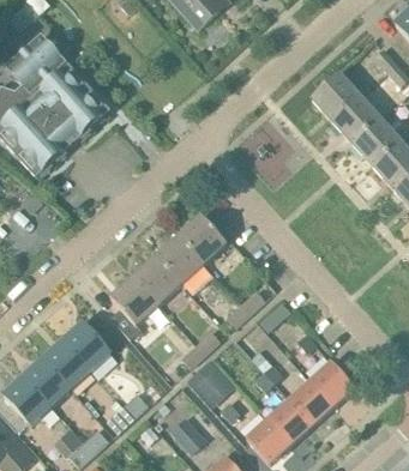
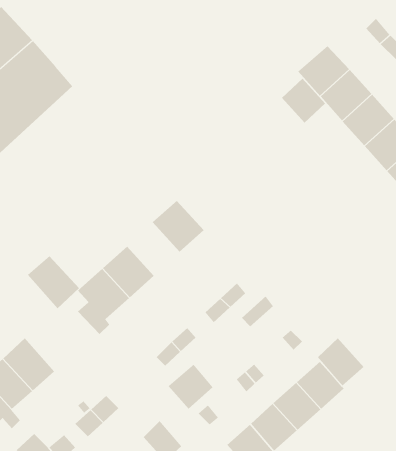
building: none -> [281,78,326,124]
building: [156,235,204,284] -> none
building: [62,322,110,372] -> [27,255,80,309]
building: none -> [317,338,364,386]

